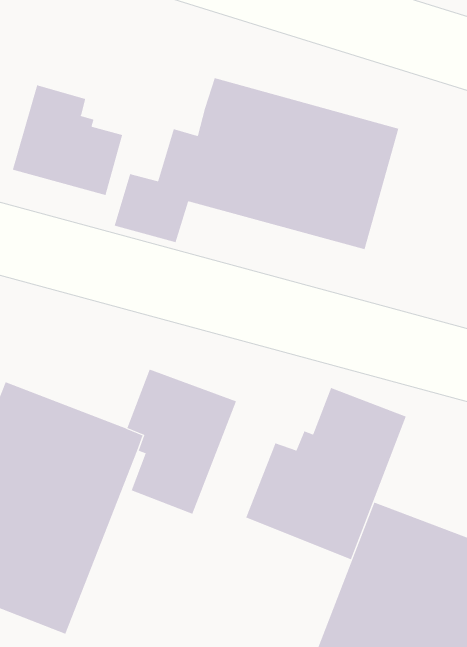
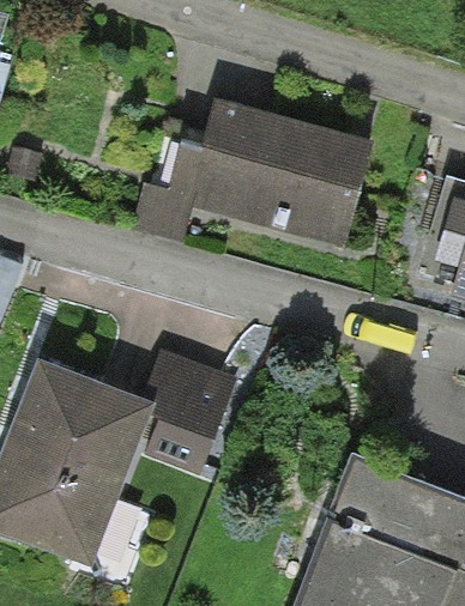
building: [12,85,123,196] -> none
building: [246,387,407,560] -> none

